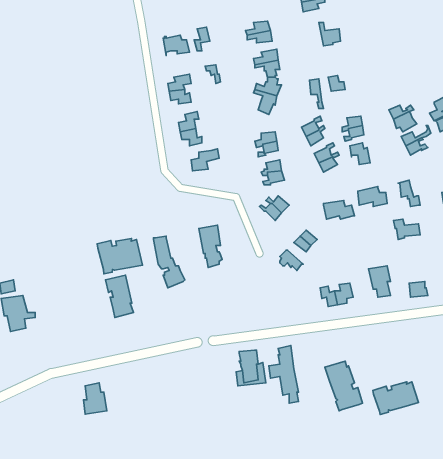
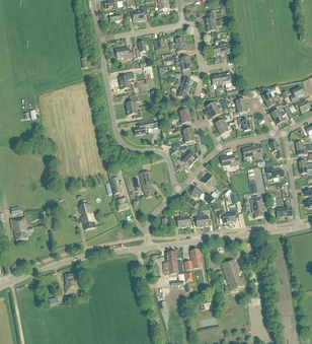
building: [97,239,142,274] -> none
building: [373,382,419,415] -> none

